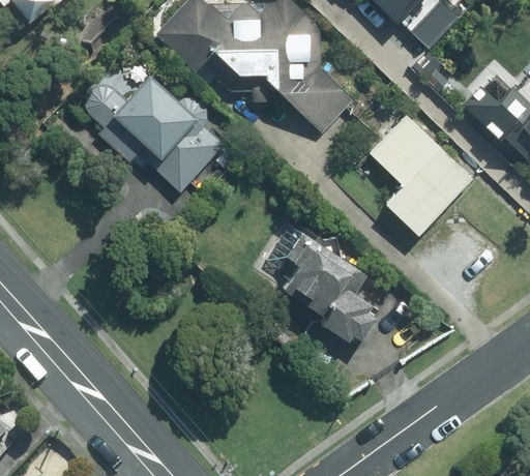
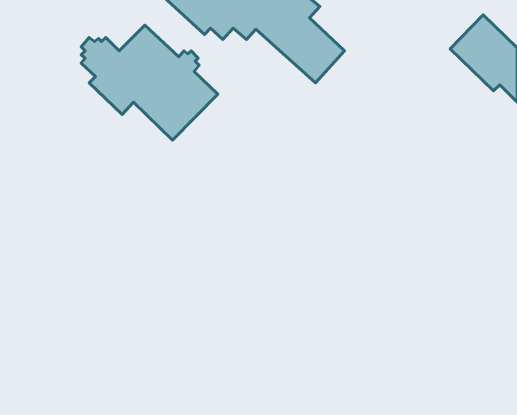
building: [369,115,472,235] -> none
building: [284,230,376,334] -> none

